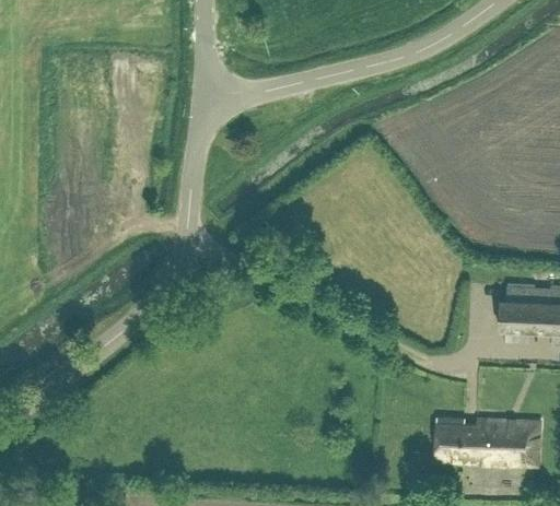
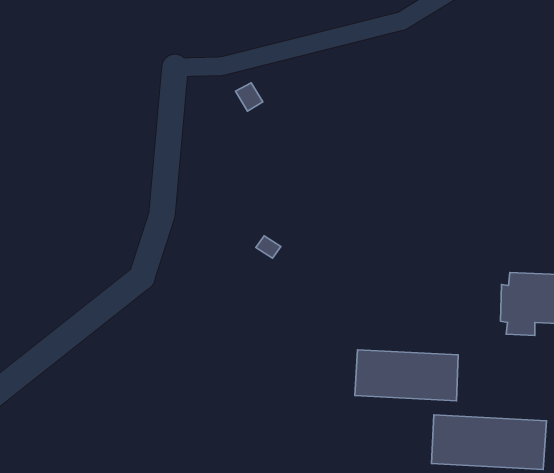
building: none -> [355,350,458,401]

